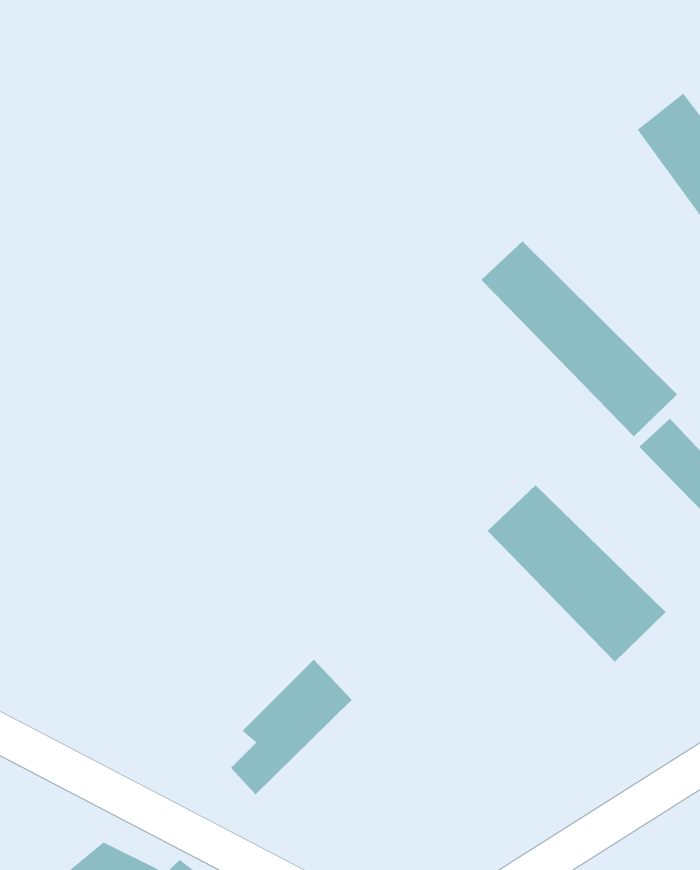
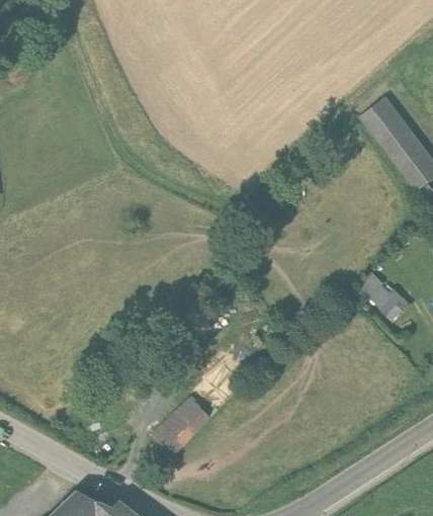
building: [481,241,678,437] -> none
building: [487,485,667,662] -> none

